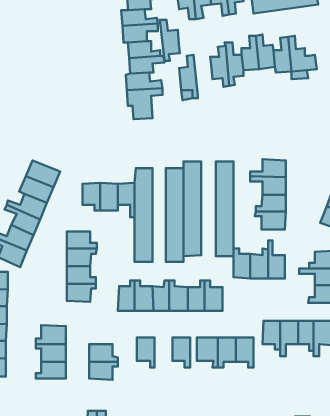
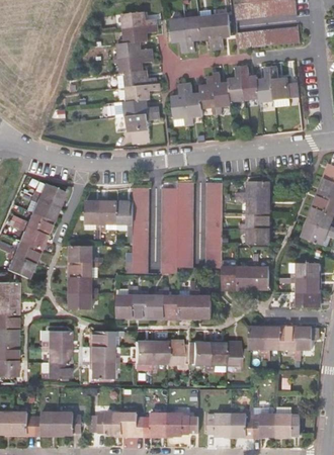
building: [160,20,180,61] -> [185,83,203,120]
building: none -> [90,330,122,346]
building: none -> [150,340,166,367]

